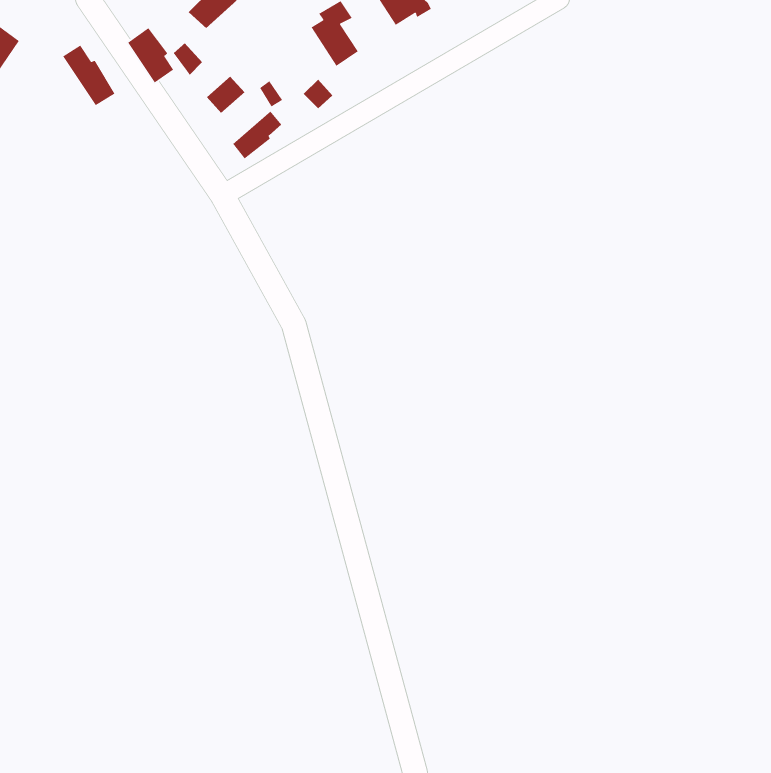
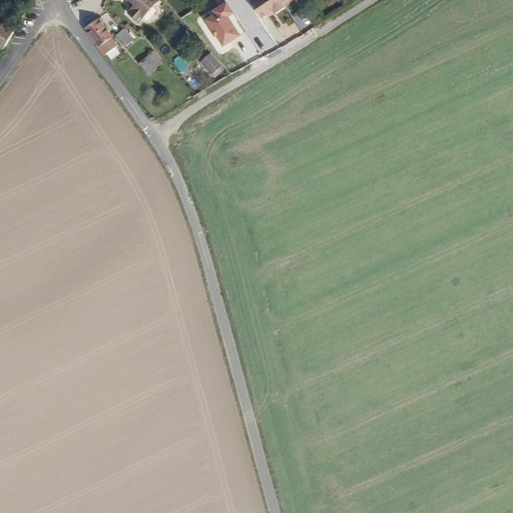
building: [62,44,116,106] -> none
building: [232,110,282,160] -> none

